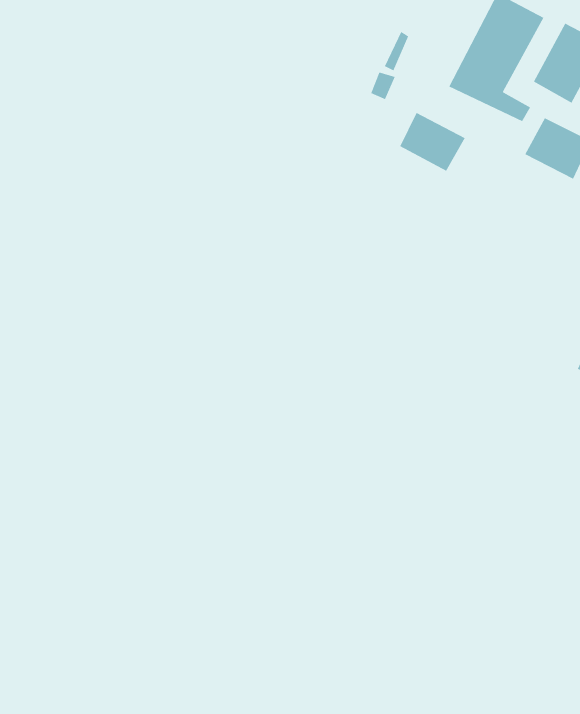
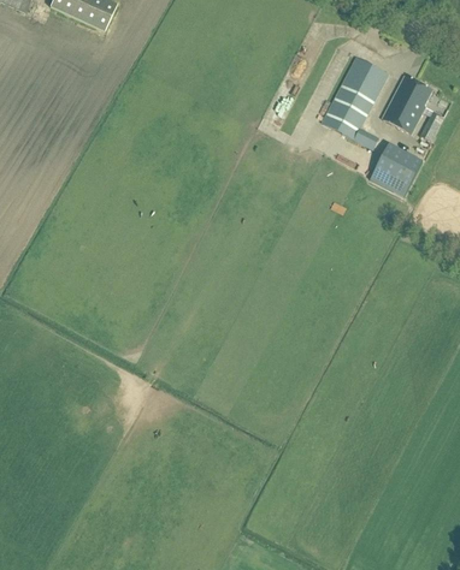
building: [399,112,466,172] -> none

